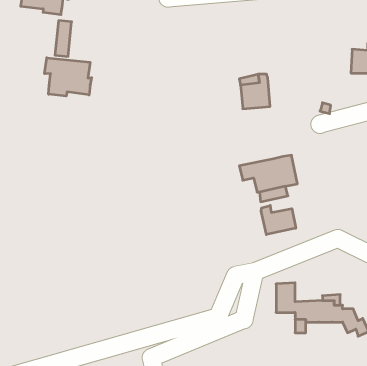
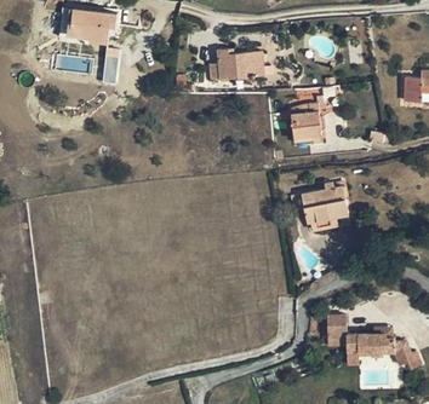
building: none -> [210,48,264,79]
building: [45,58,92,96] -> none
building: [261,205,296,235] -> none

